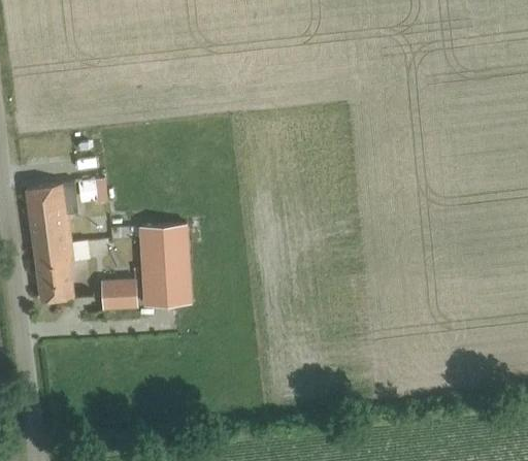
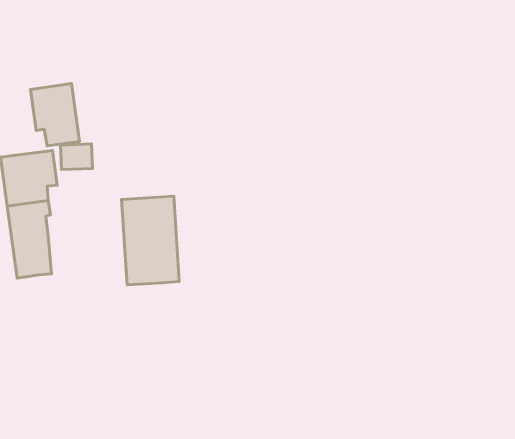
building: none -> [31,84,79,146]
building: [102,283,137,309] -> none

